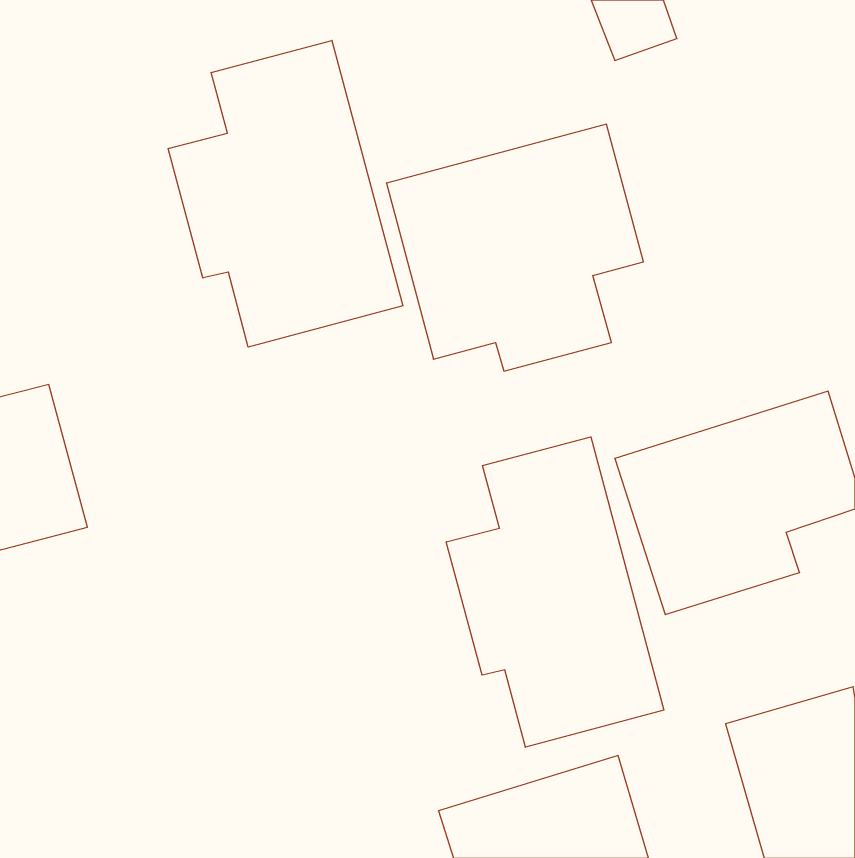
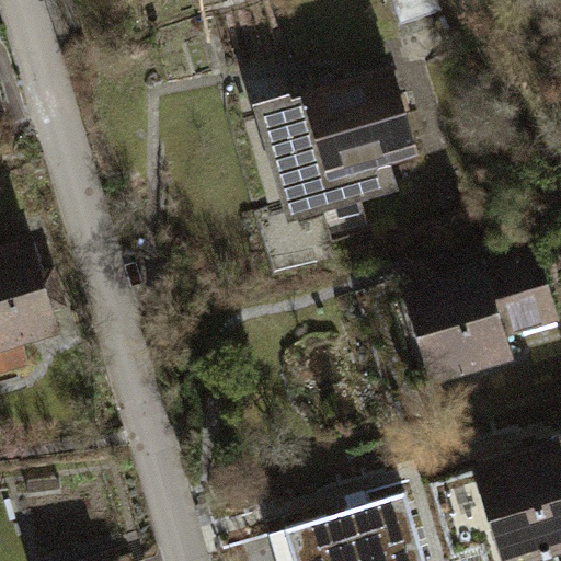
building: [168,40,403,347] -> none
building: [446,437,664,747] -> none

